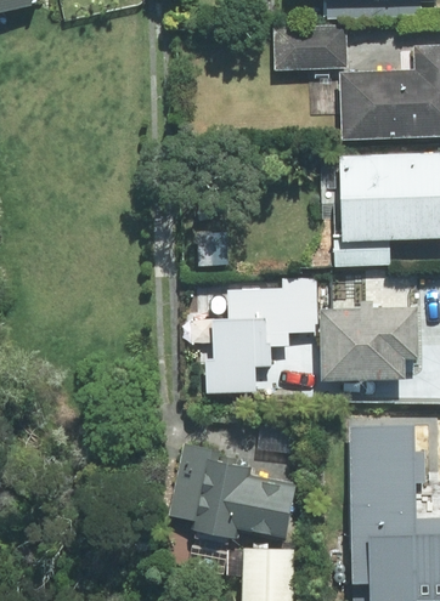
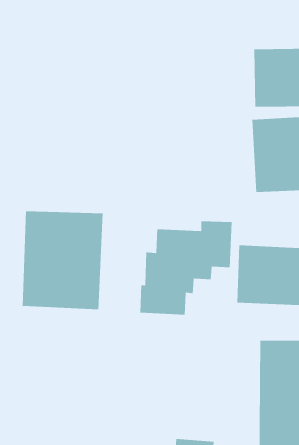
building: [267,27,348,67] -> none
building: none -> [22,210,103,310]
building: [165,443,306,539] -> none

